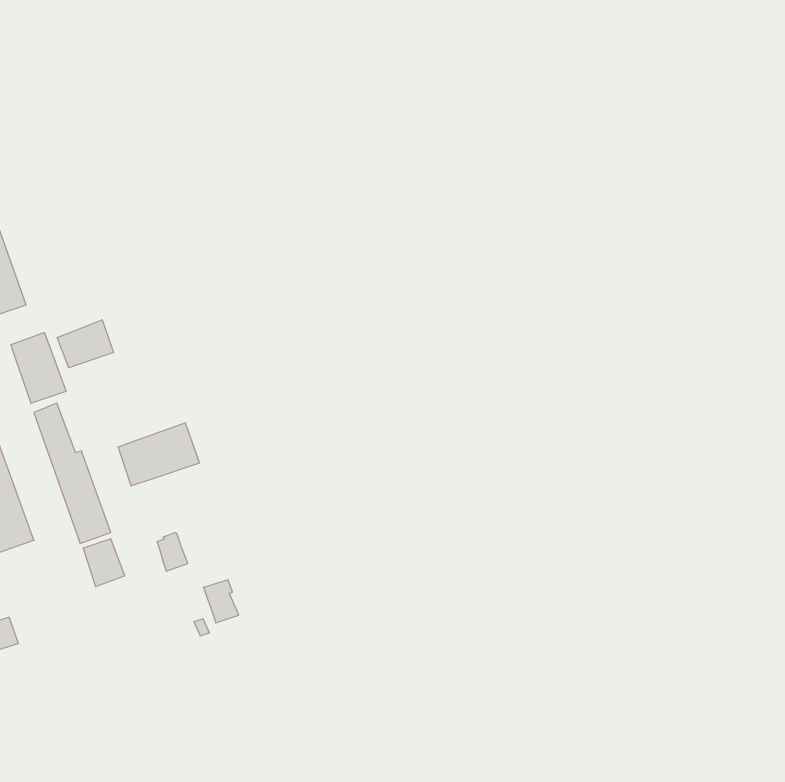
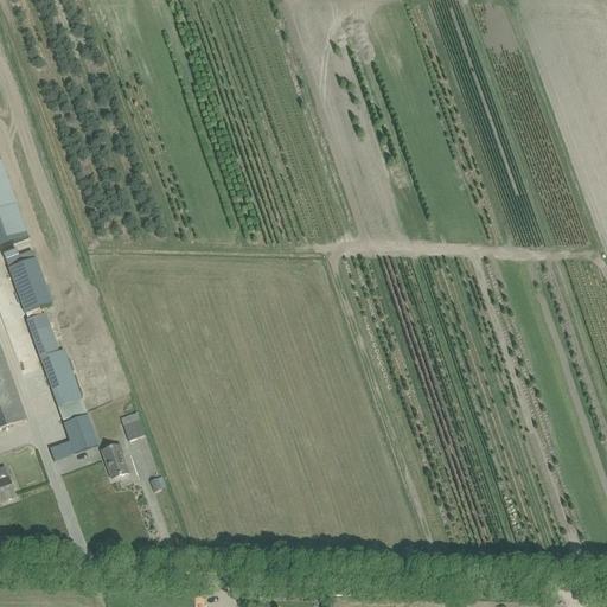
building: [57,320,113,368] -> none
building: [118,423,199,486] -> none
building: [203,580,239,623] -> [101,443,128,477]

